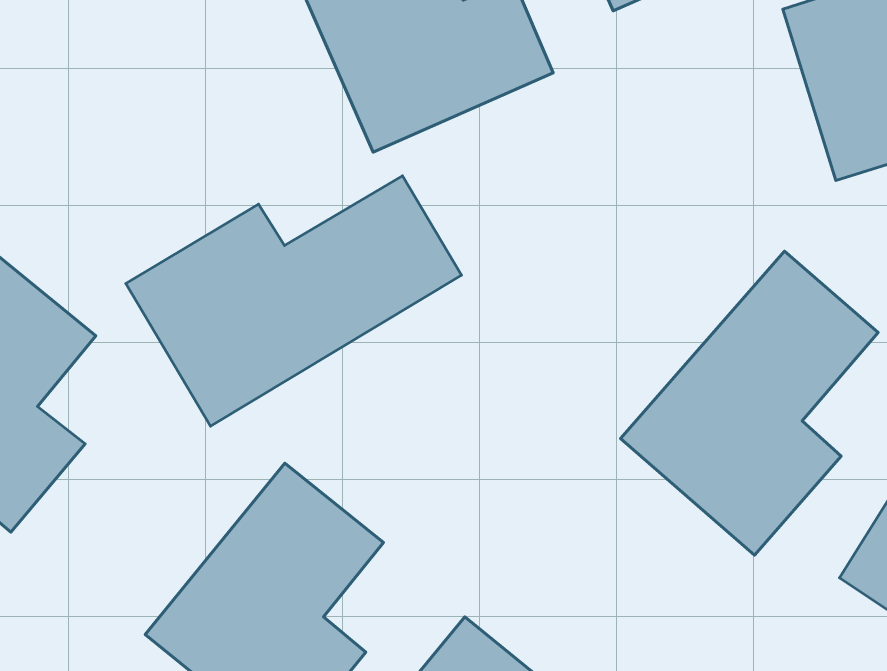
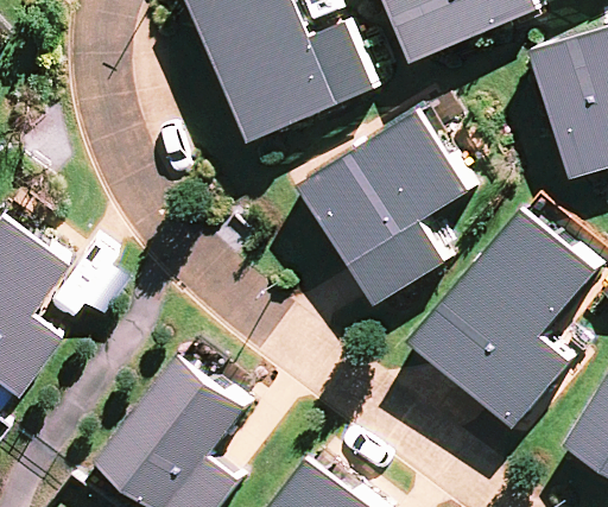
building: none -> [299,112,463,294]
building: [126,176,461,426] -> none

